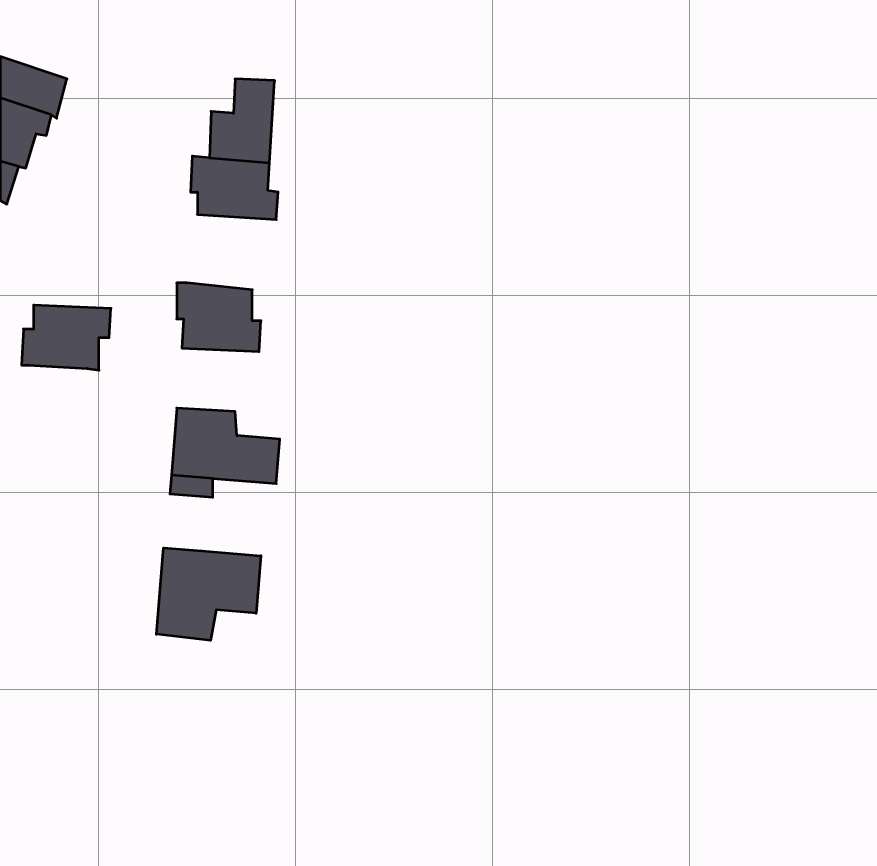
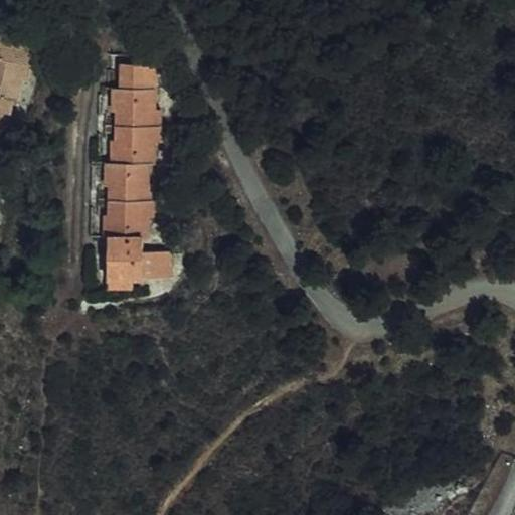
building: none -> [110,126,162,170]
building: [22,305,111,370] -> [100,204,152,242]
building: [156,548,261,640] -> none

